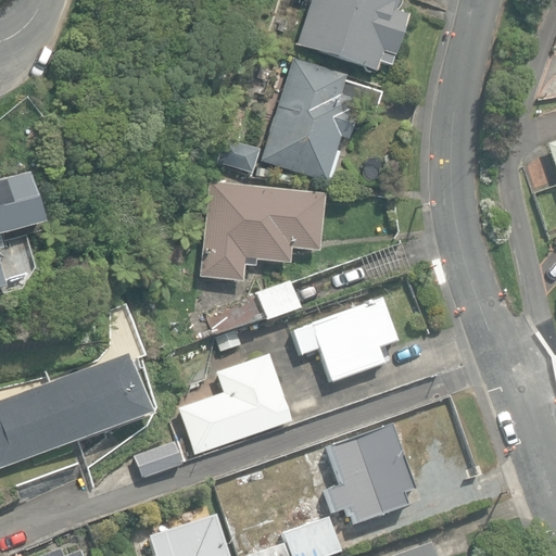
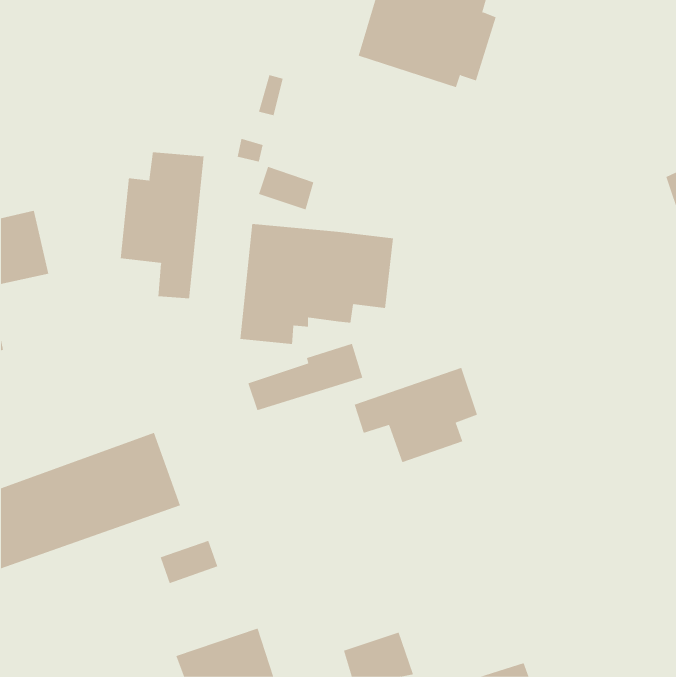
building: [261,58,381,181] -> none
building: none -> [120,151,204,299]
building: [179,353,292,454] -> none
building: [325,425,413,523] -> none

